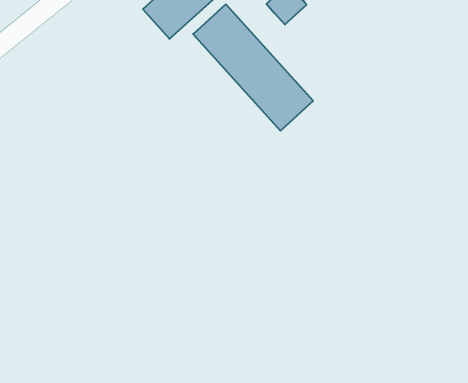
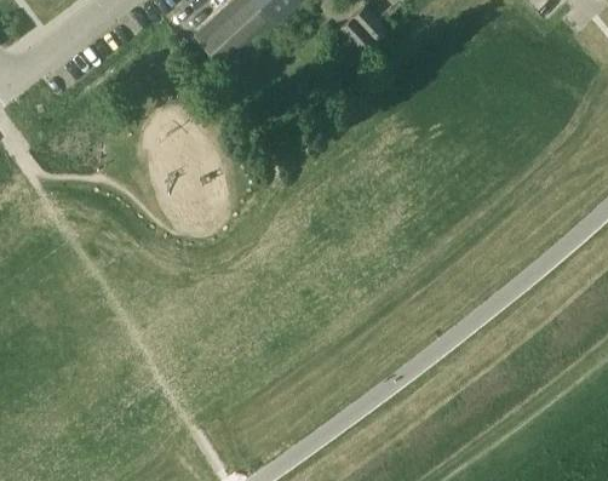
building: [193,4,313,131] -> none

